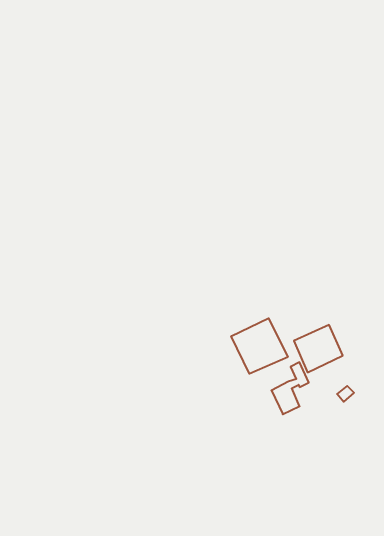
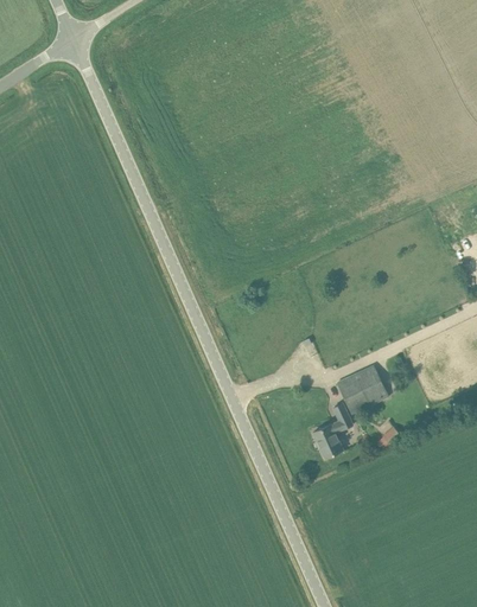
building: [231,318,288,374] -> none

